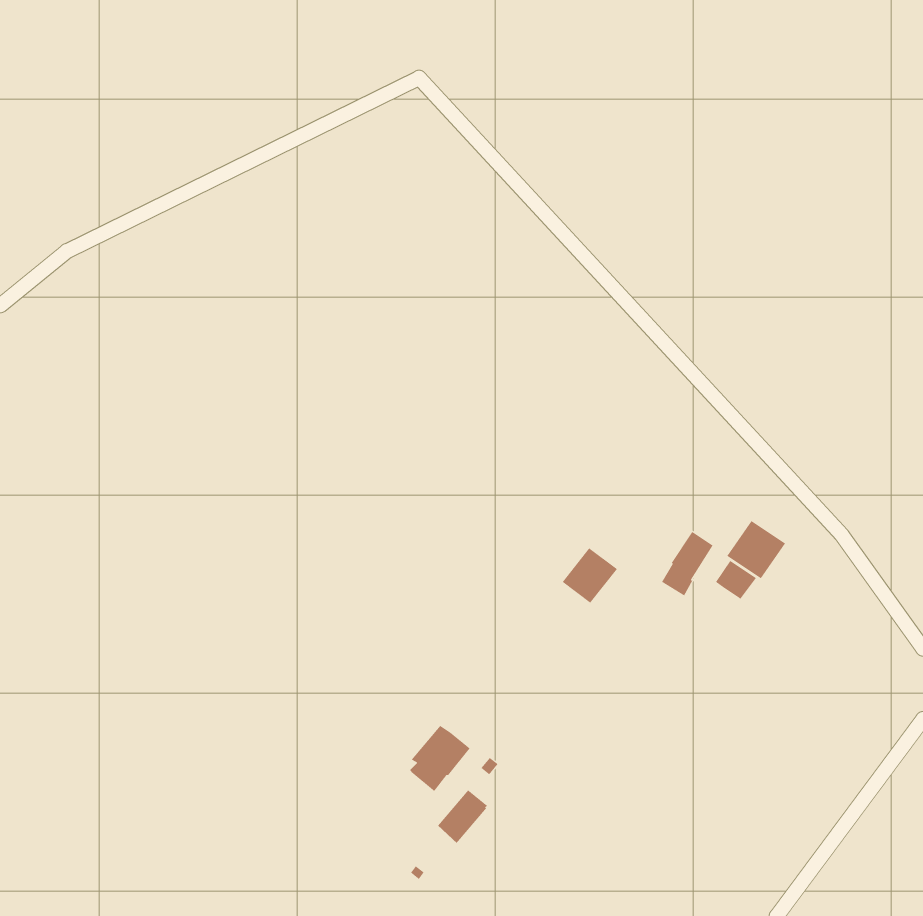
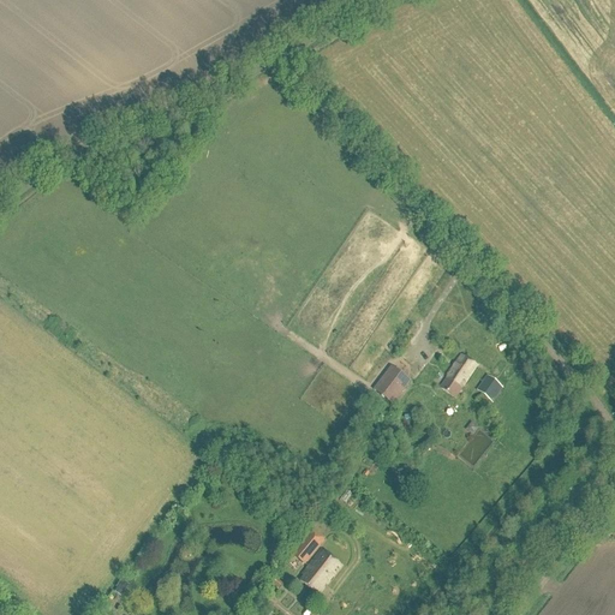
building: [727,520,786,579] -> none
building: [409,725,471,792] -> [299,548,340,592]

